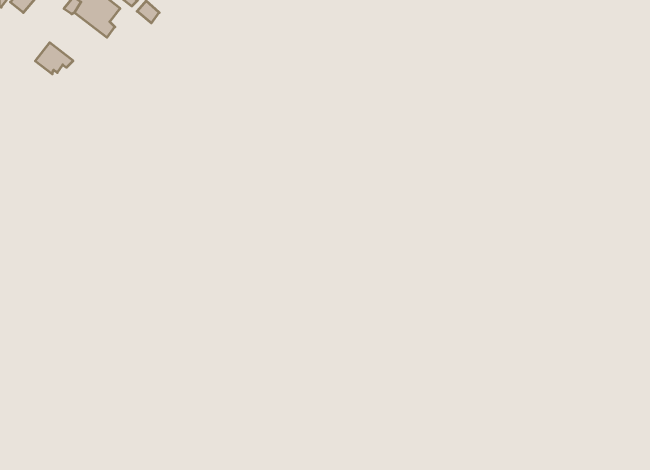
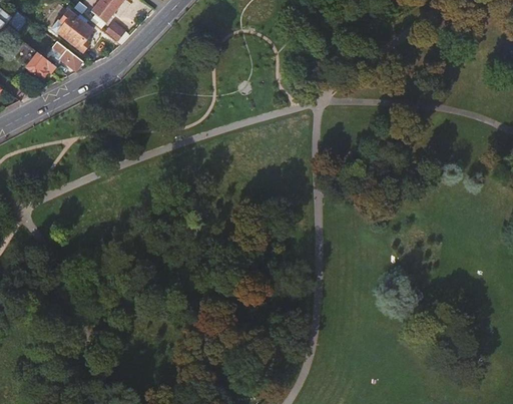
building: none -> [45,40,83,69]

